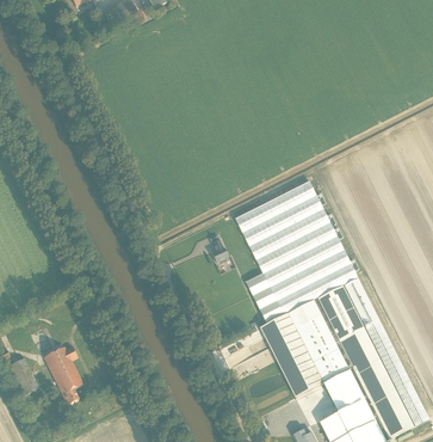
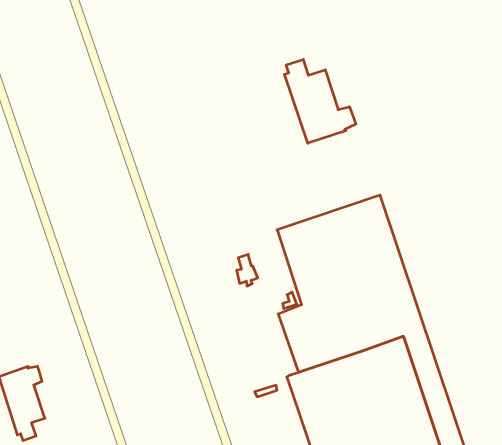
building: none -> [285,59,356,143]

